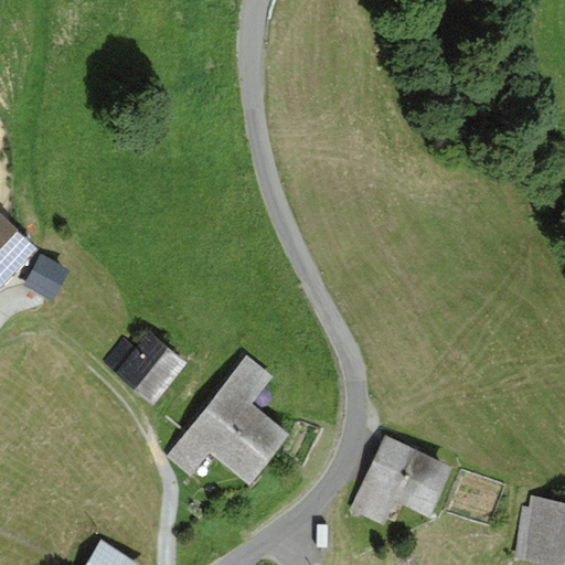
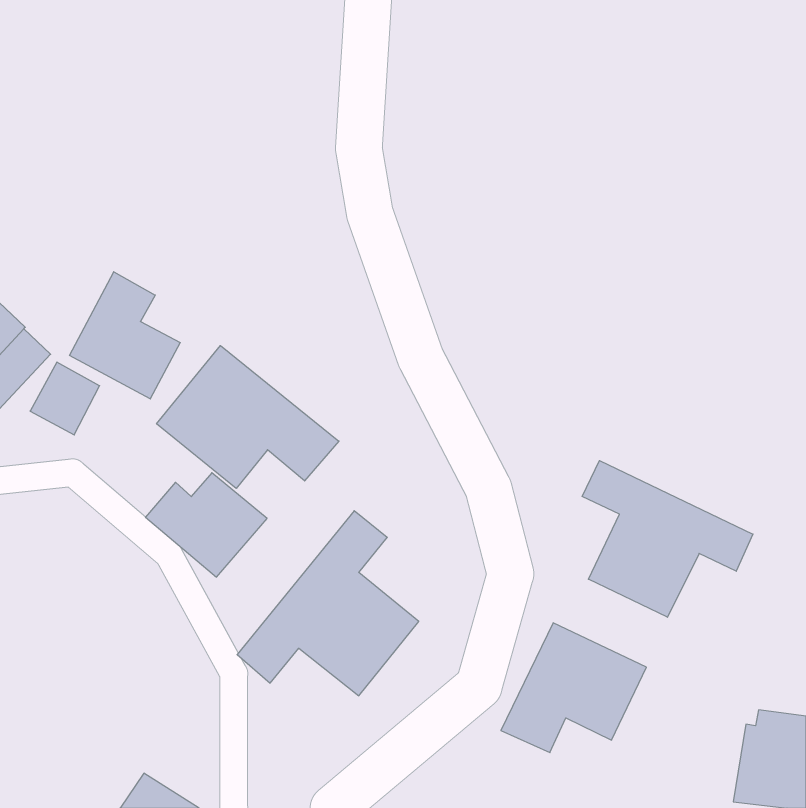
building: none -> [70,272,180,399]
building: none -> [157,346,339,488]
building: none -> [582,461,753,617]

